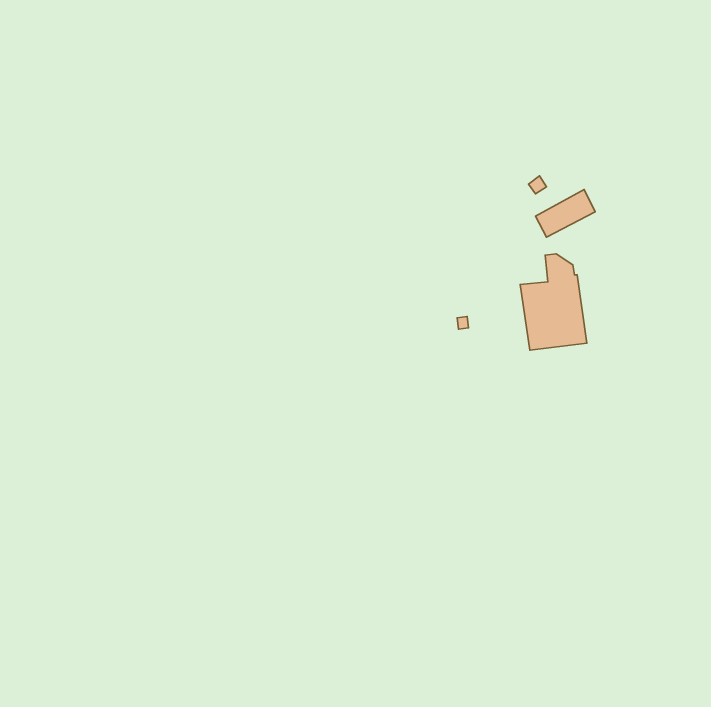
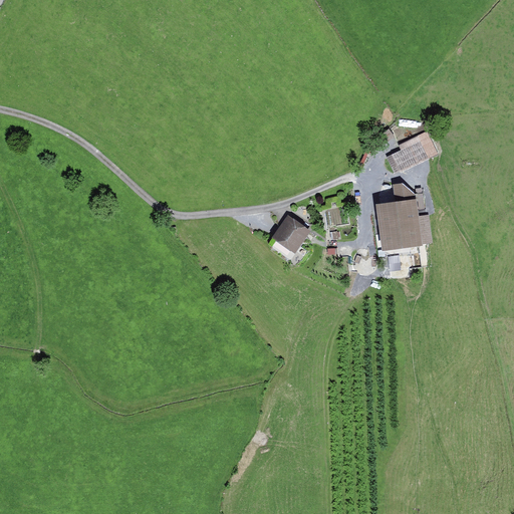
building: none -> [272,213,310,251]

